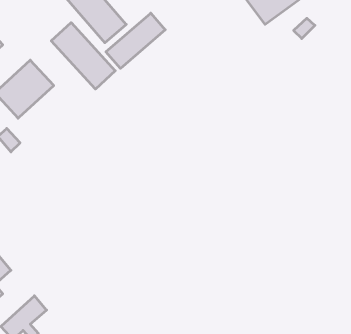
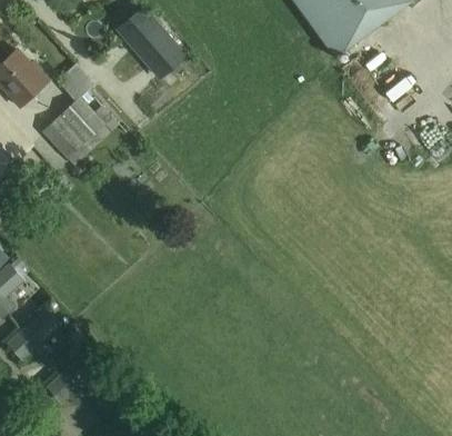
building: [106,13,165,68] -> none
building: [51,23,115,89] -> none

